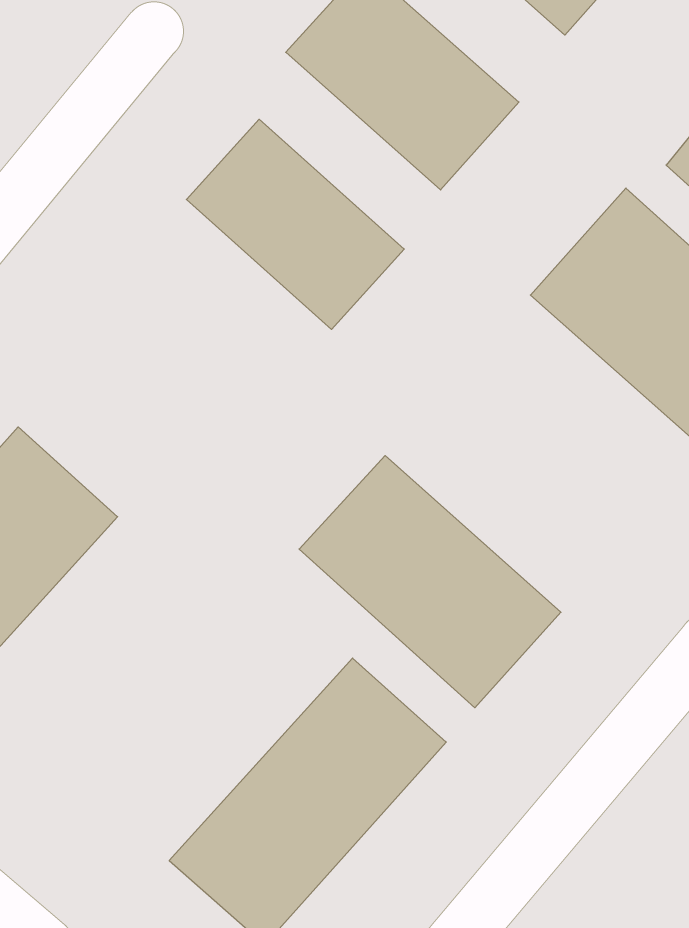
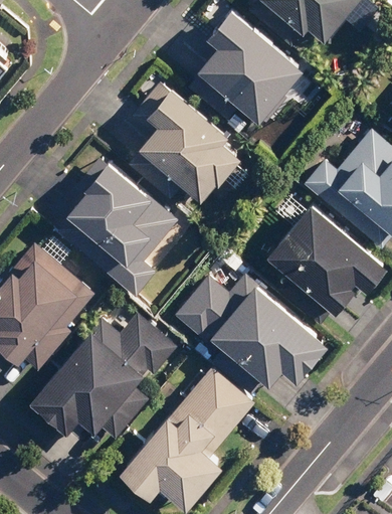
building: none -> [54,157,187,285]
building: none -> [266,205,386,322]
building: none -> [39,308,171,443]

